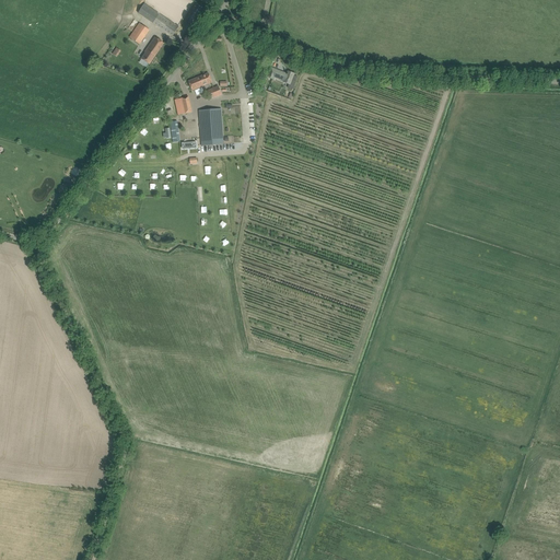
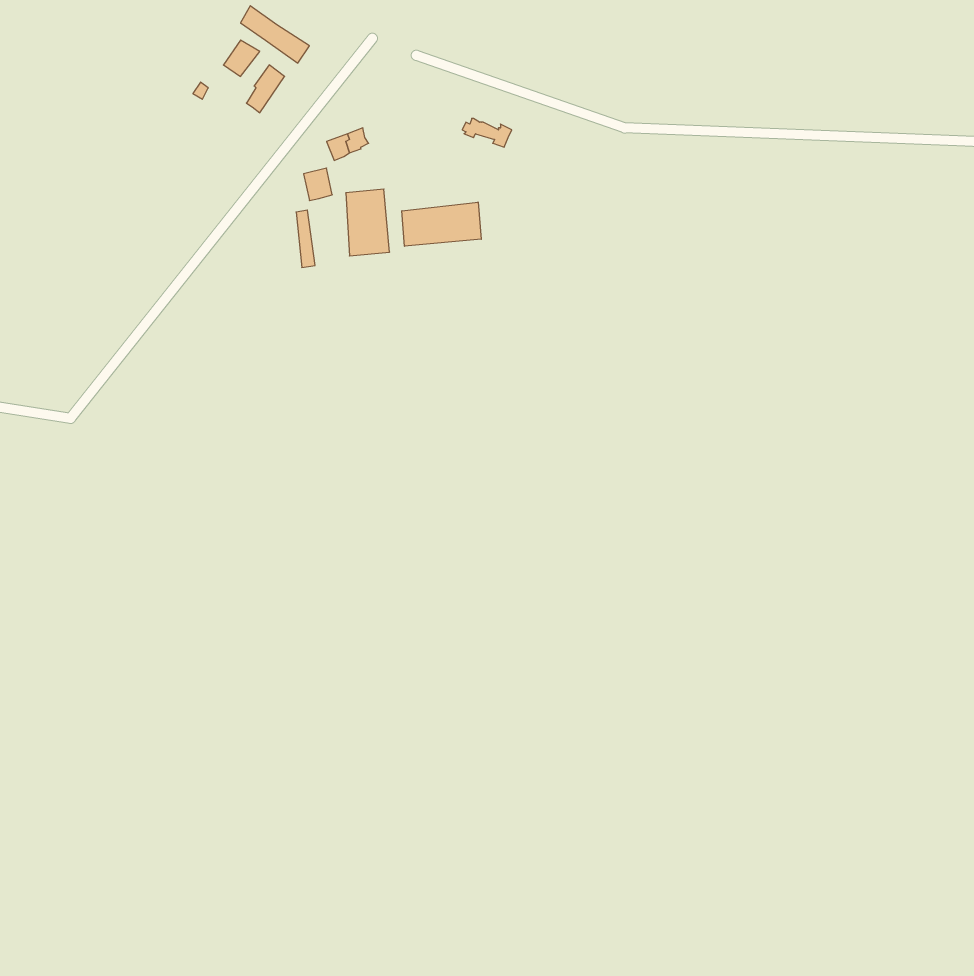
building: none -> [402,202,481,246]

